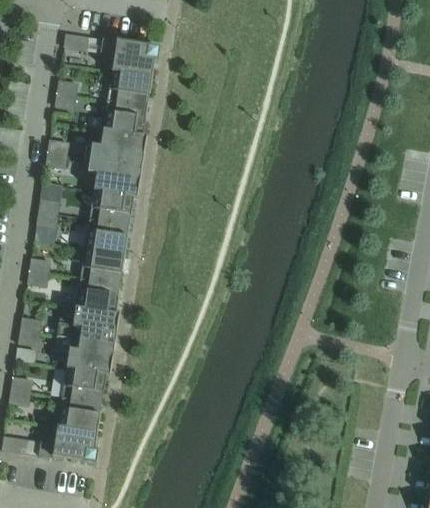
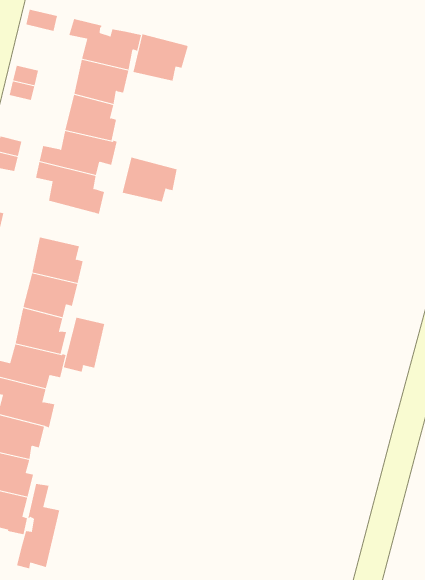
building: none -> [133,34,189,82]
building: [89,190,133,225] -> [122,157,177,202]
building: none -> [63,317,105,373]
building: none -> [17,483,60,569]

